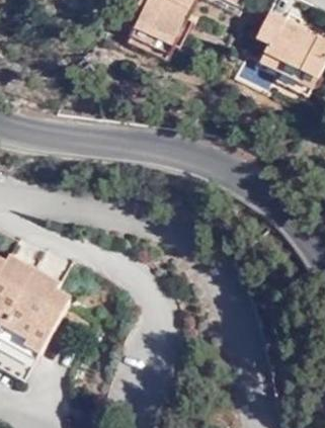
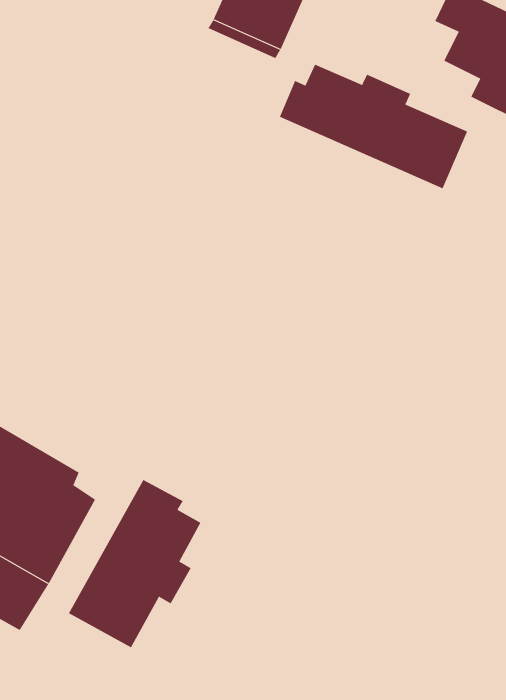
building: none -> [279,64,468,189]
building: none -> [68,479,201,648]

